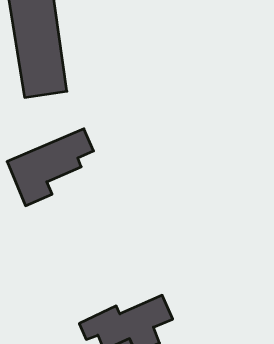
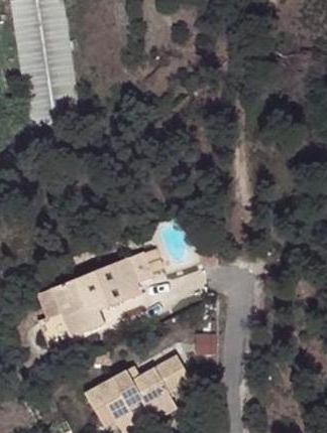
building: [7,129,94,206] -> [50,255,149,342]

